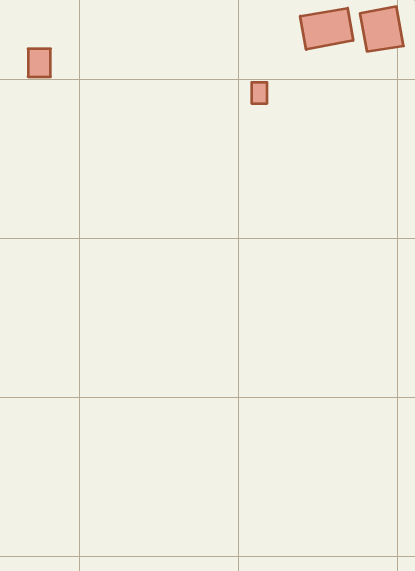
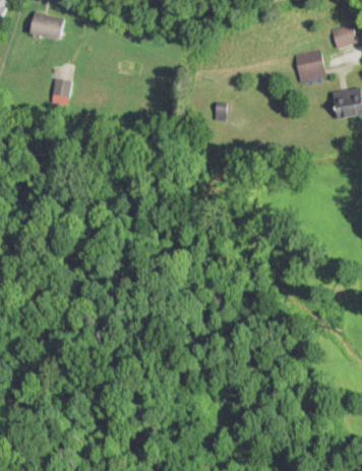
building: [300,8,353,50] -> none

